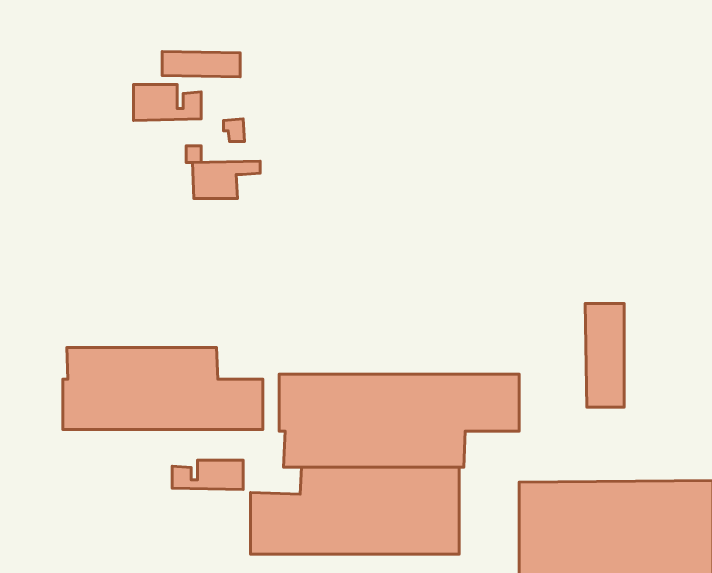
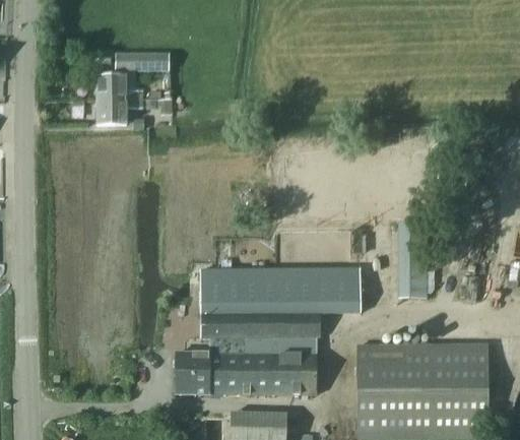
building: [192,161,260,199] -> [96,99,142,124]
building: [63,348,263,429] -> none
building: [172,460,243,489] -> none

